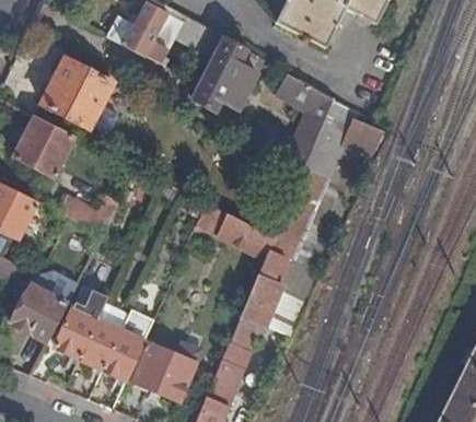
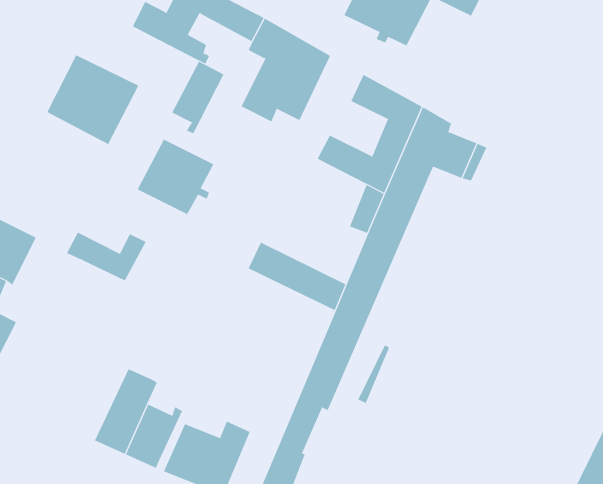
building: none -> [171,61,224,134]
building: [13,117,73,176] -> [137,139,214,215]
building: [11,284,68,340] -> none
building: [55,284,108,357] -> none

